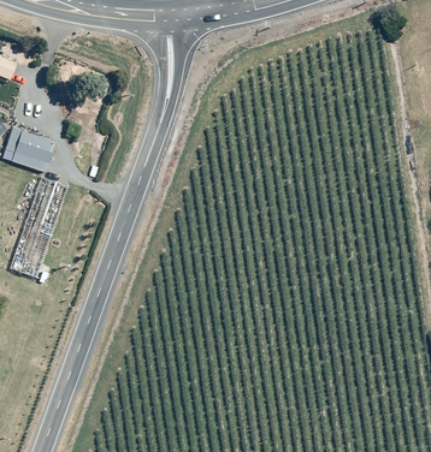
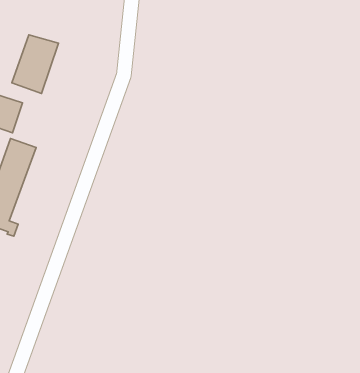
building: none -> [12,35,59,93]

